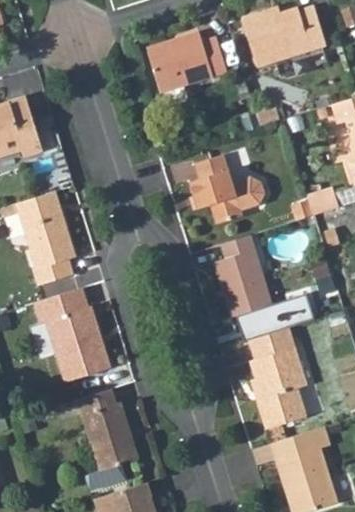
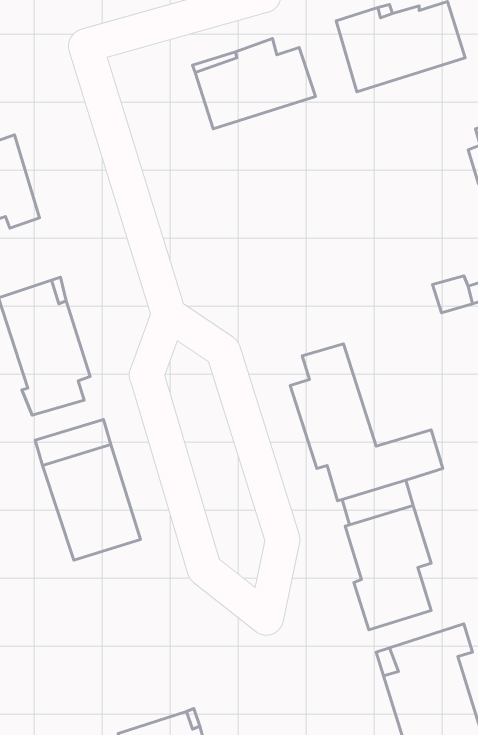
building: [189,155,265,225] -> none
building: [75,388,139,489] -> none

